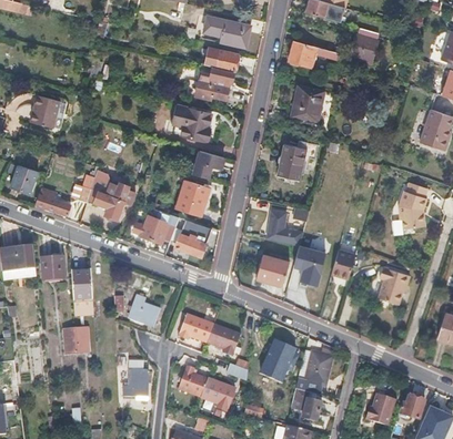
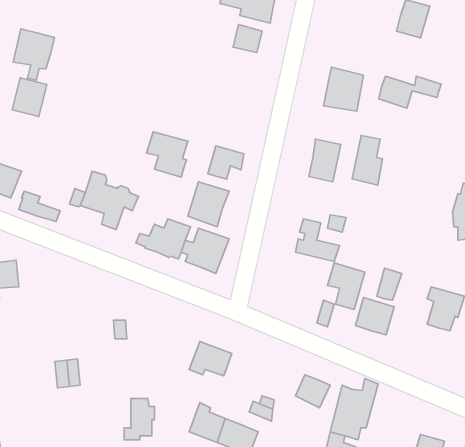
building: [289,42,341,69] -> [379,76,441,108]
building: none -> [13,29,55,80]
building: [194,67,234,100] -> none
building: [180,108,214,145] -> [147,132,188,177]
building: none -> [352,136,383,185]
building: [41,255,64,279] -> none
building: [255,255,288,286] -> [356,298,394,335]
building: [71,269,92,299] -> none
building: [132,294,160,326] -> none
building: [207,323,241,356] -> none

